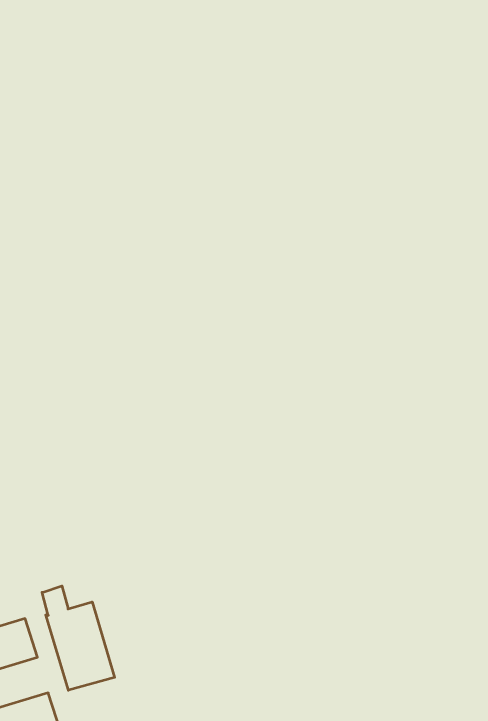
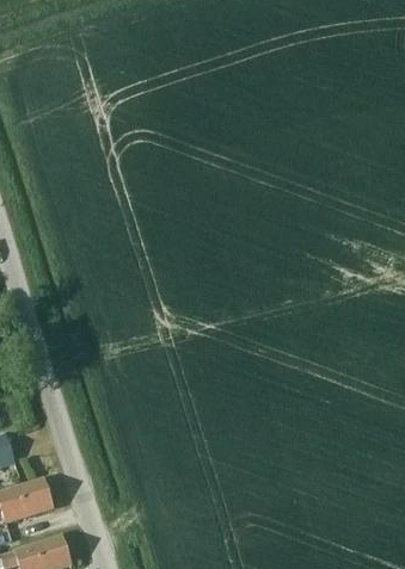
building: [42,586,115,690] -> none

